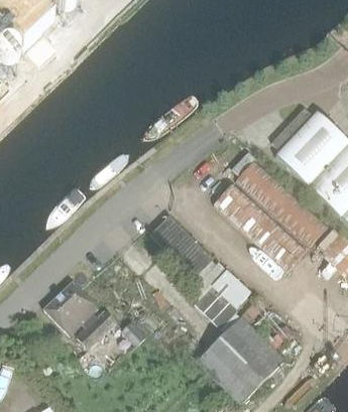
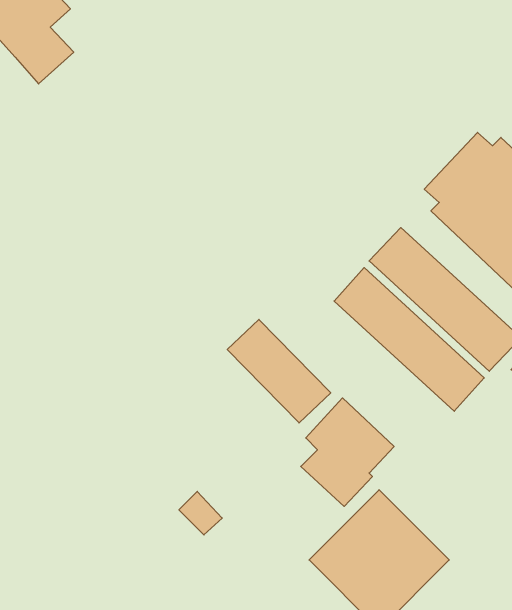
building: [44,283,116,349] -> none

